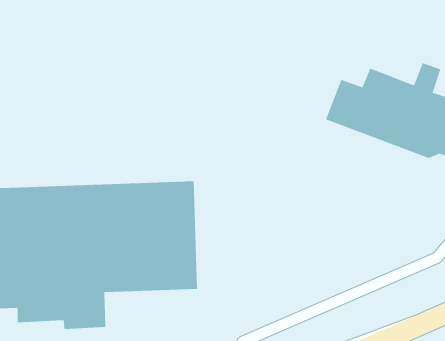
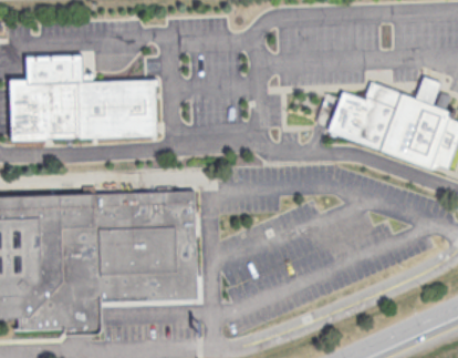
building: none -> [7,54,158,141]

